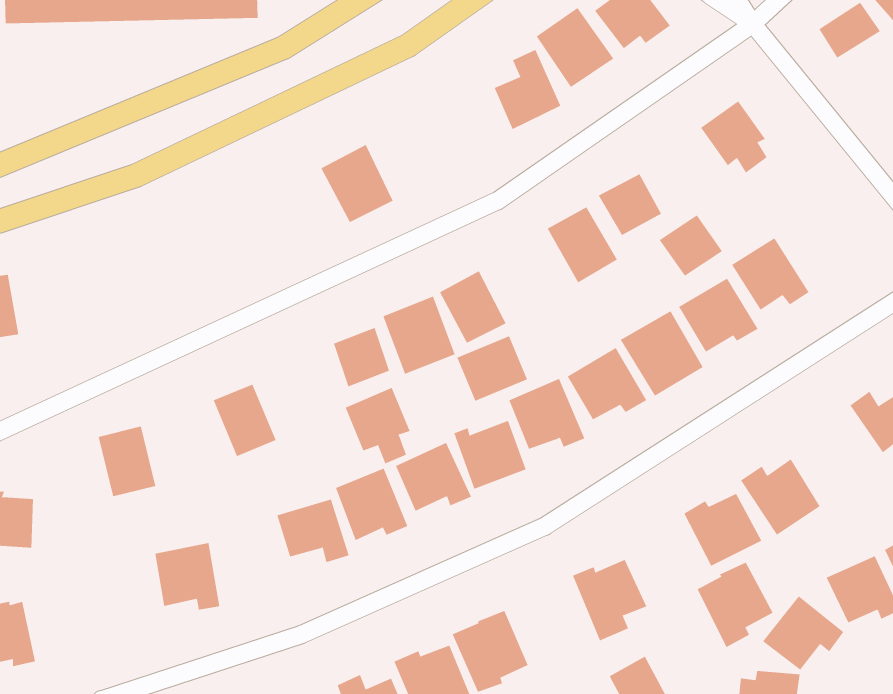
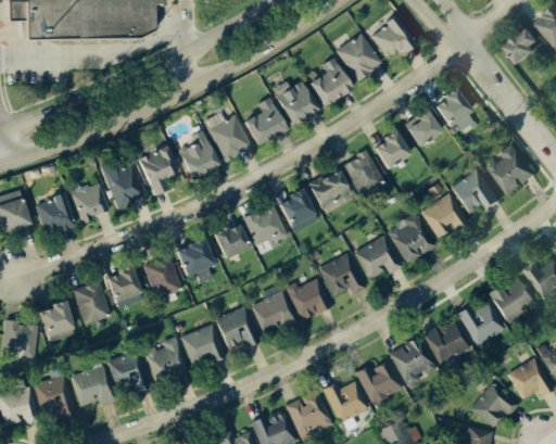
building: none -> [274,80,317,124]
building: none -> [244,97,286,144]
building: none -> [178,129,219,178]
building: none -> [489,144,534,195]
building: none -> [138,145,178,195]
building: [659,214,723,277] -> [404,110,442,147]
building: none -> [100,157,146,207]
building: none -> [71,179,110,221]
building: none -> [35,193,74,234]
building: [457,336,528,401] -> [308,169,351,208]
building: [345,387,410,464] -> [176,238,215,283]
building: none -> [106,267,143,307]
building: none -> [489,278,536,322]
building: none -> [41,301,76,341]
building: none -> [146,337,188,382]
building: [697,562,773,648] -> [390,337,435,388]
building: none -> [72,366,114,405]
building: none -> [35,375,75,416]
building: none -> [323,381,369,423]

